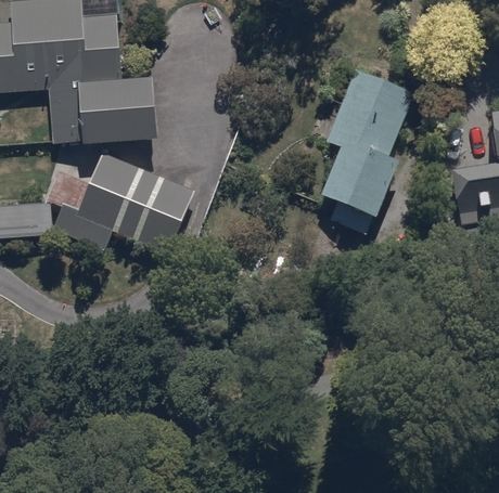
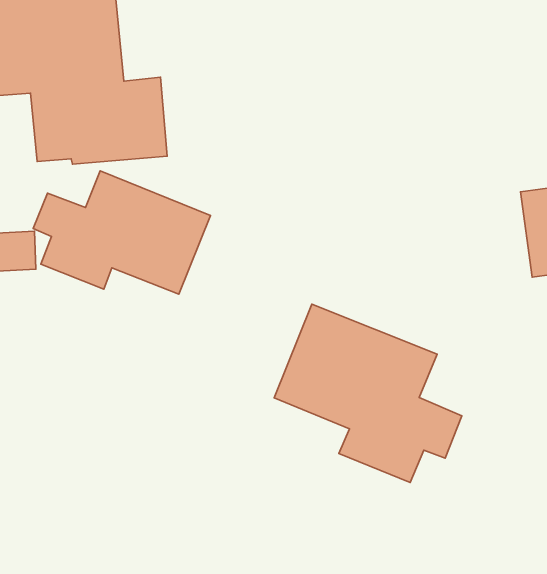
building: [321,67,413,234] -> none
building: none -> [274,304,462,483]

